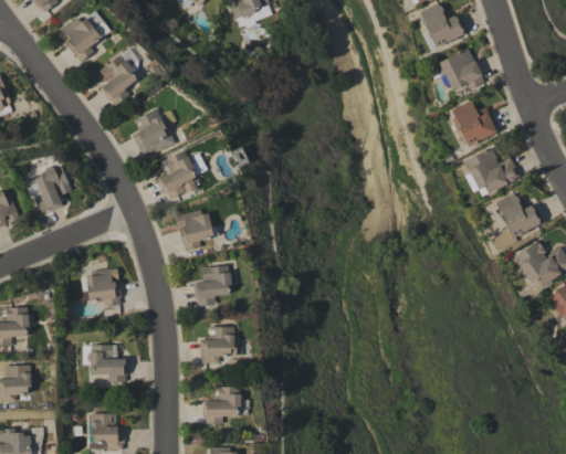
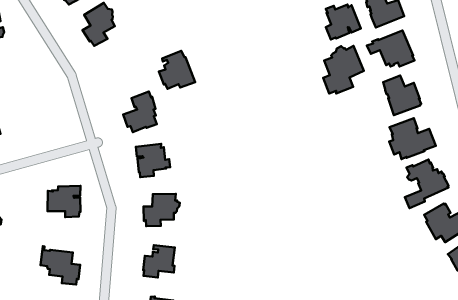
building: none -> [326,5,361,40]
building: none -> [323,46,364,94]
building: [132,108,175,154] -> [159,51,195,89]
building: [34,166,72,212] -> none

